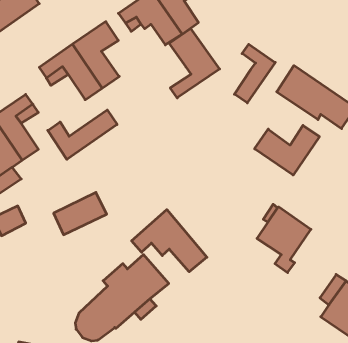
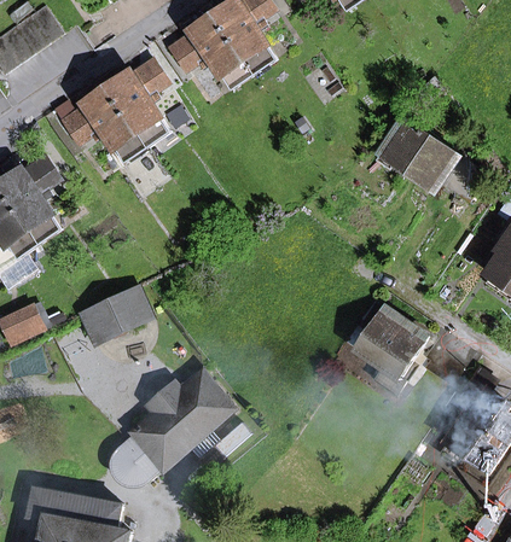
building: [169,28,220,98] -> none
building: [234,44,275,103] -> none
building: [48,110,117,159] -> none
building: [255,125,319,175] -> none
building: [132,210,207,272] -> none

